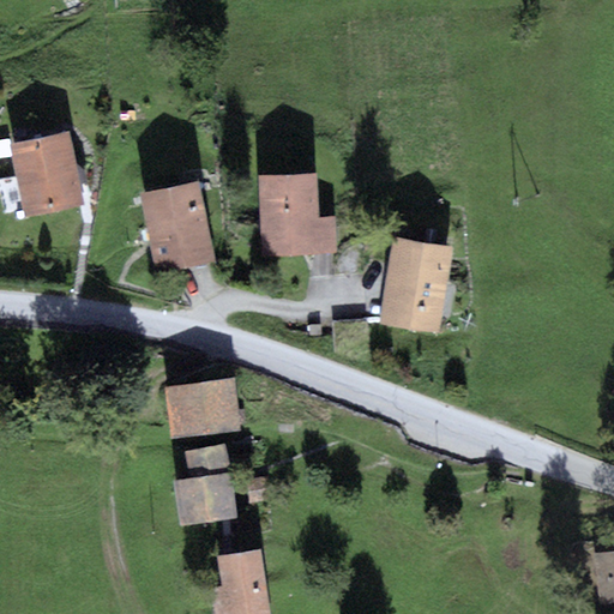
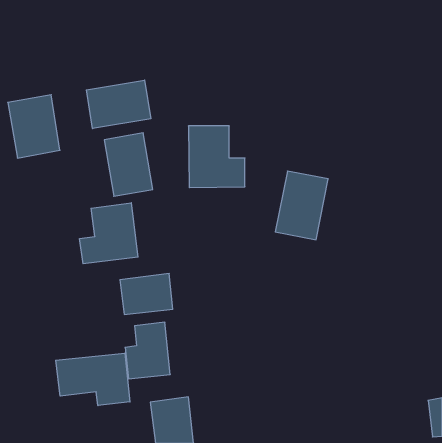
building: none -> [86,80,151,129]
building: none -> [80,203,138,264]
building: none -> [56,353,130,406]

